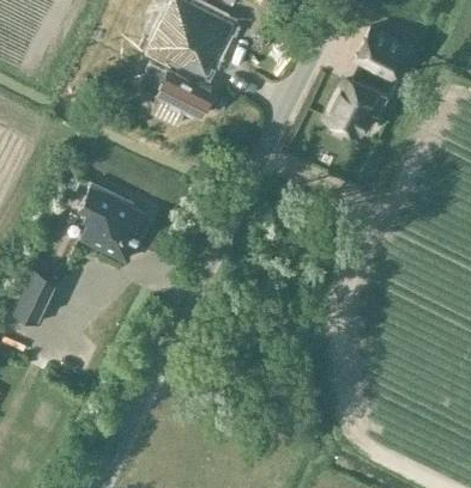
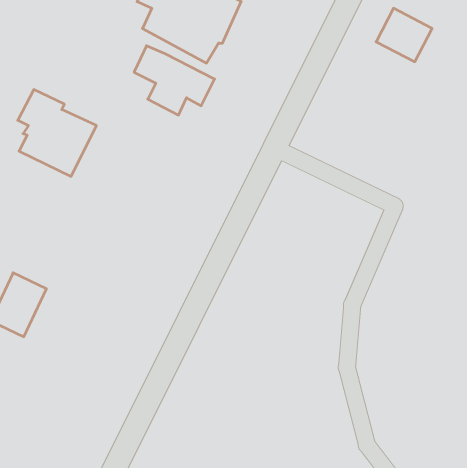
building: [326,80,388,134] -> none
building: [79,183,150,261] -> [18,90,96,176]

